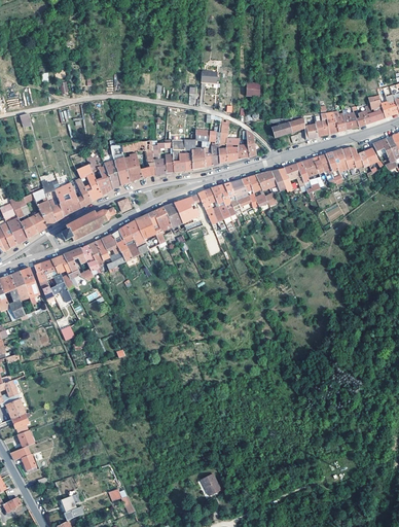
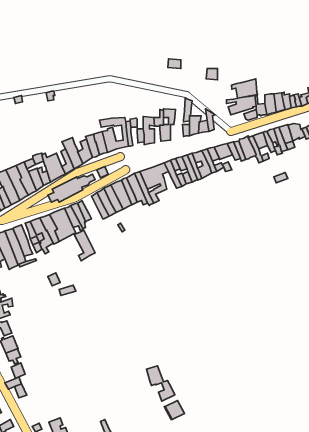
building: none -> [231,79,257,98]
building: [101,233,125,269] -> [74,230,95,261]
building: none -> [147,366,175,401]

